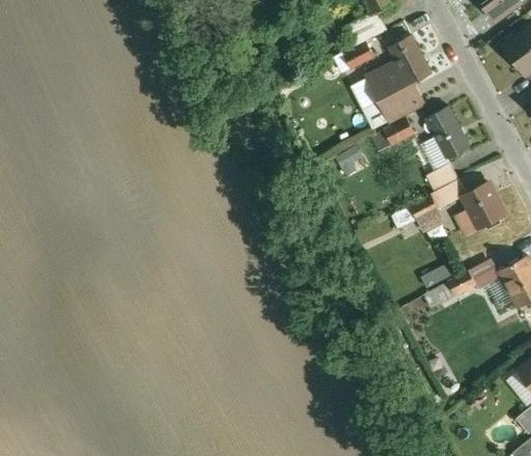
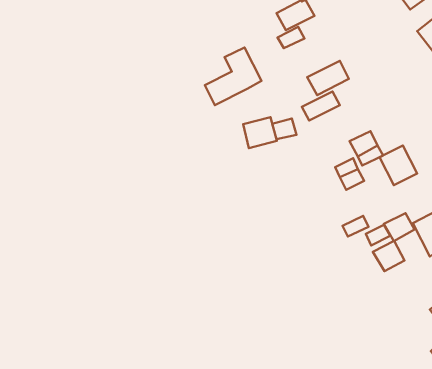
building: [367,36,432,103] -> [205,47,262,105]
building: [423,106,467,158] -> none
building: none -> [243,117,277,148]
building: none -> [373,241,405,271]

